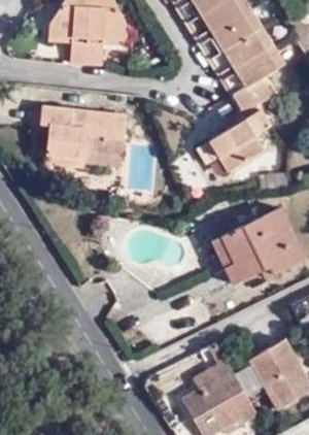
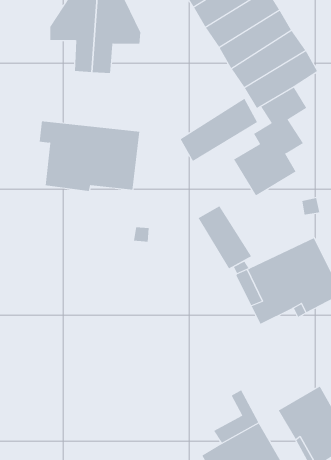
building: none -> [180,98,258,162]
building: none -> [198,206,252,269]

